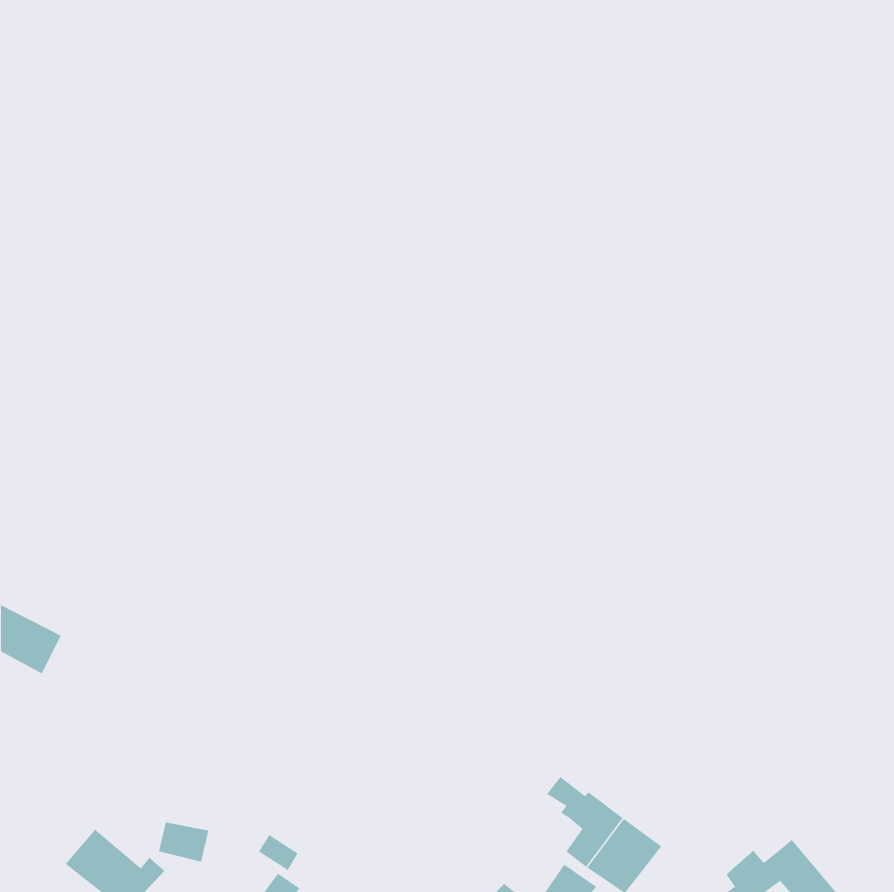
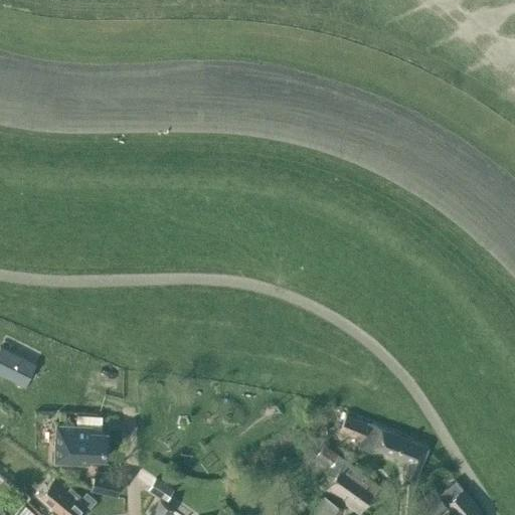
building: none -> [340,416,428,480]
building: none -> [55,427,108,466]

